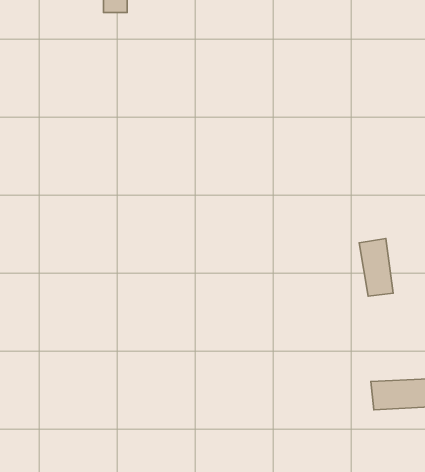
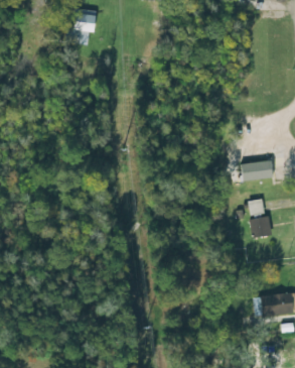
building: none -> [242,160,274,179]

